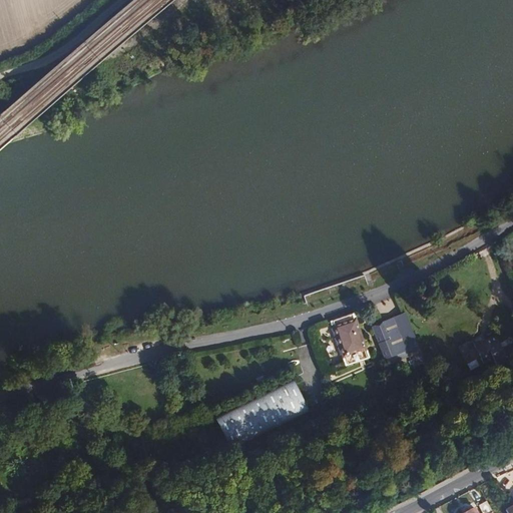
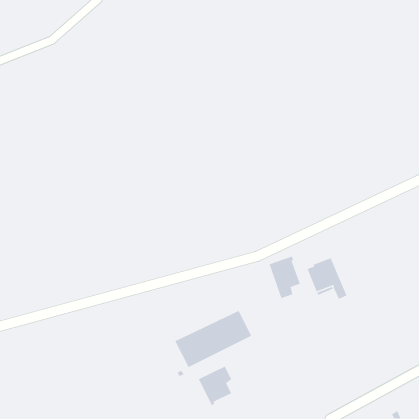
building: none -> [198,366,232,406]

